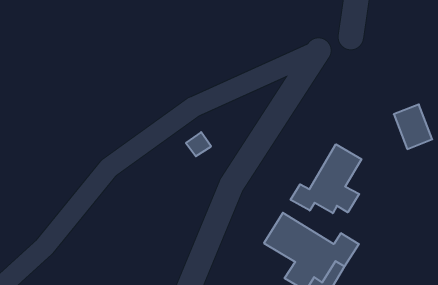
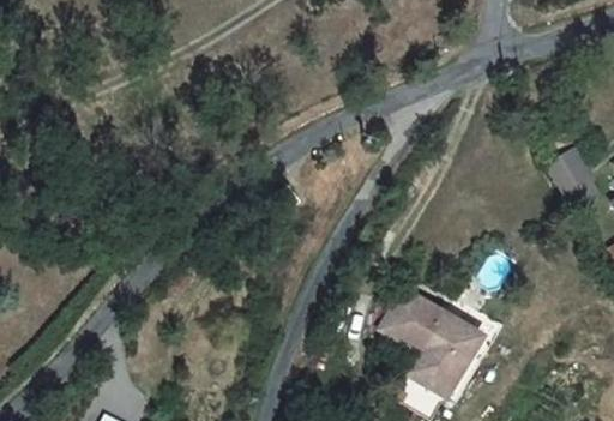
building: [291,144,361,213] -> none

